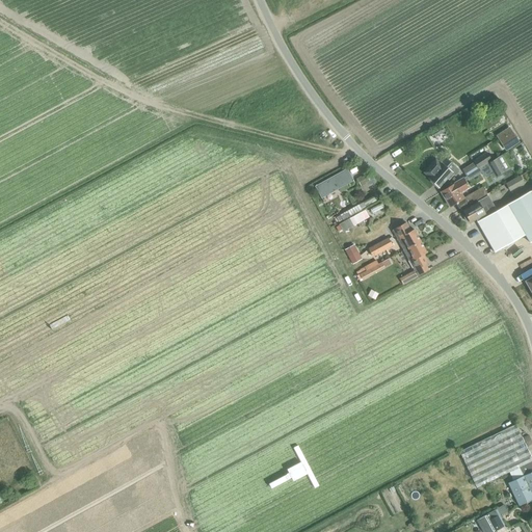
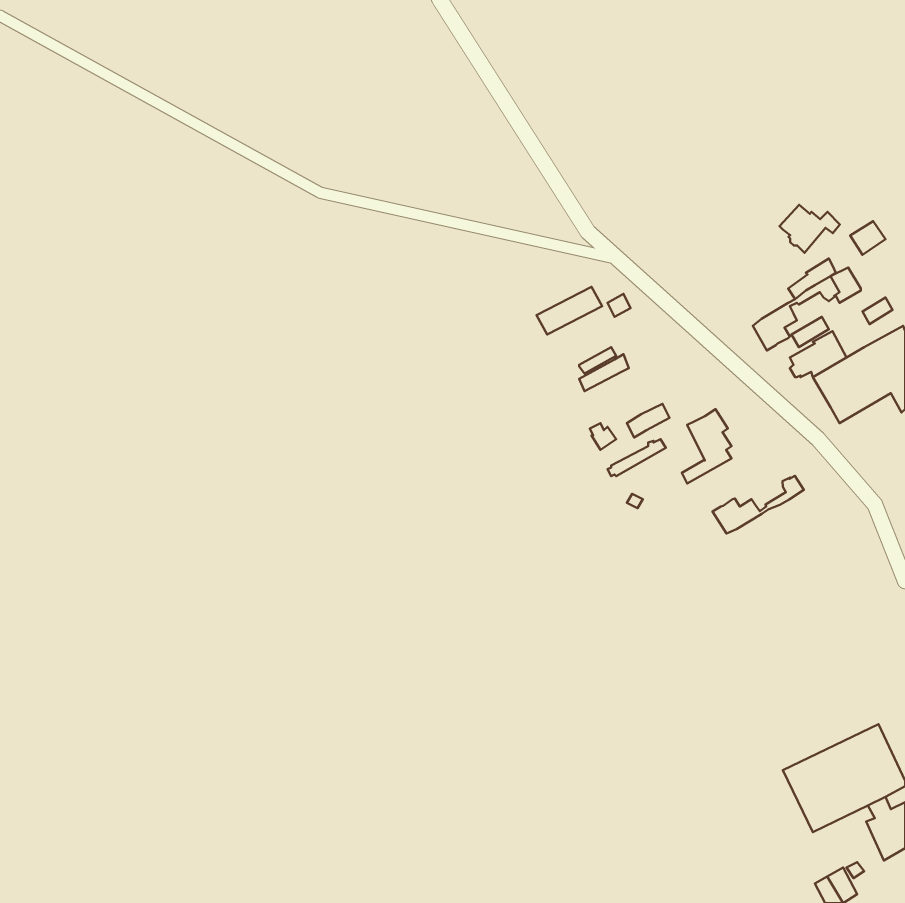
building: [424,159,459,187] -> [780,205,840,253]
building: [392,222,420,249] -> none
building: none -> [712,476,804,534]

